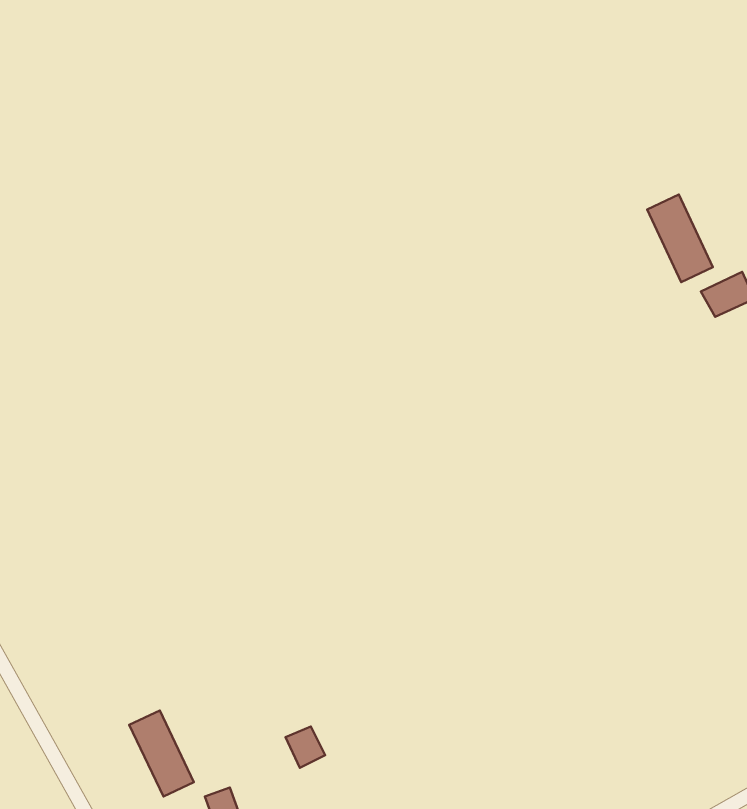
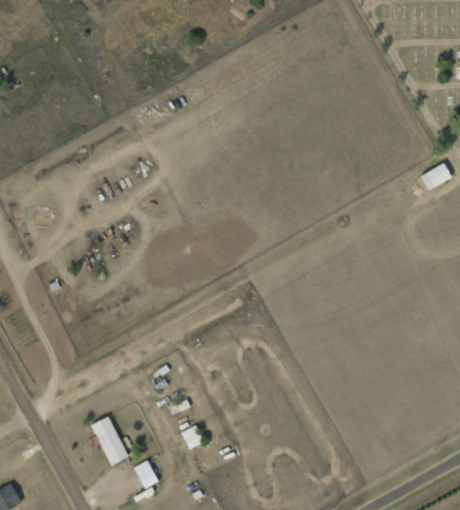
building: [647,194,713,282] -> none

